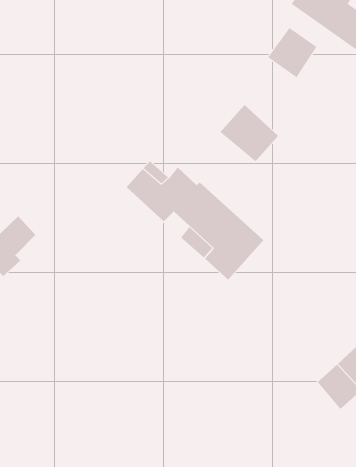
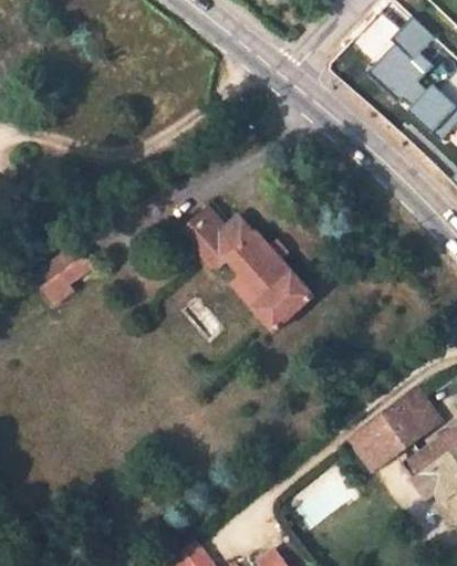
building: [267,27,317,78] -> none
building: [220,104,279,162] -> none

